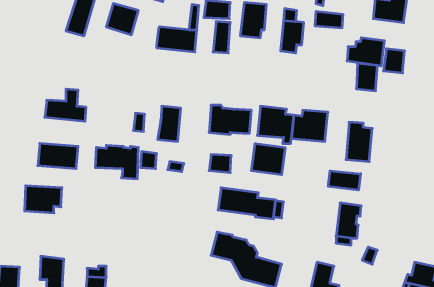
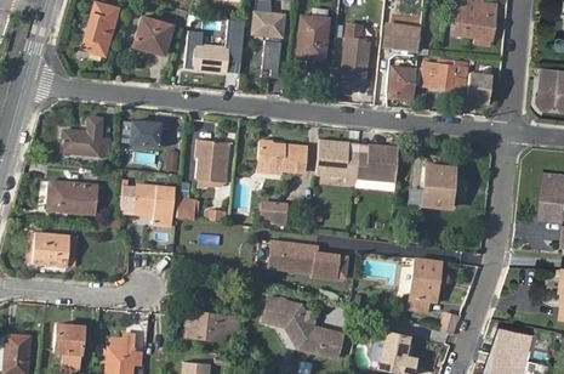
building: [356,64,378,91] -> [391,68,416,101]
building: none -> [126,123,165,149]
building: [252,144,285,175] -> none
building: [328,171,361,190] -> none
building: none -> [184,308,239,341]

